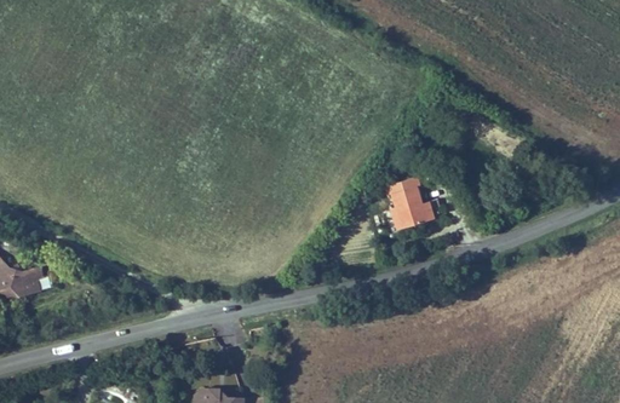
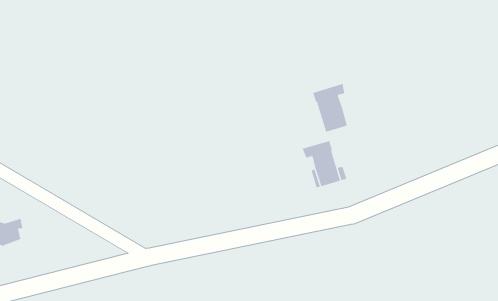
building: none -> [313,83,347,133]

